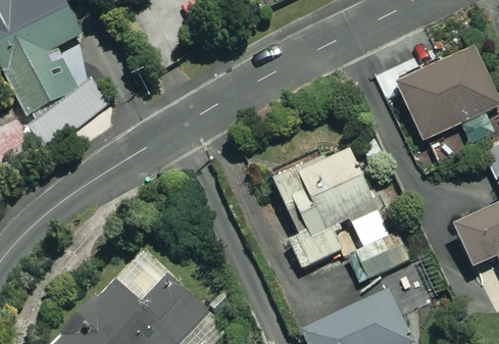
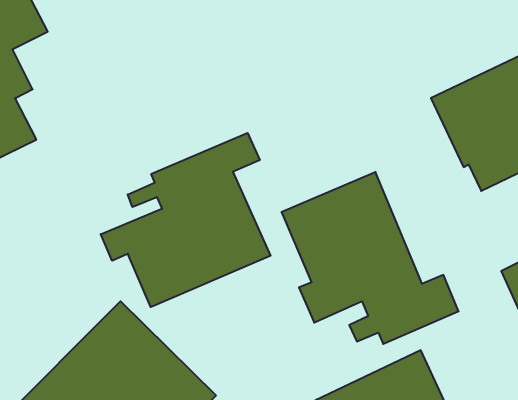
building: none -> [101,133,271,307]

